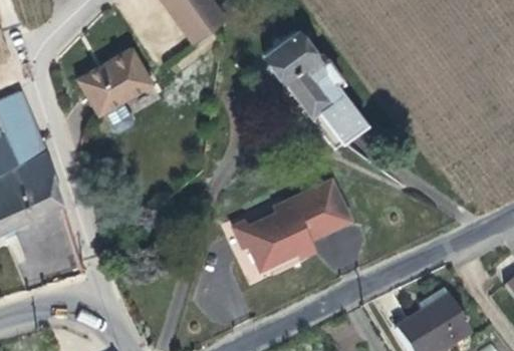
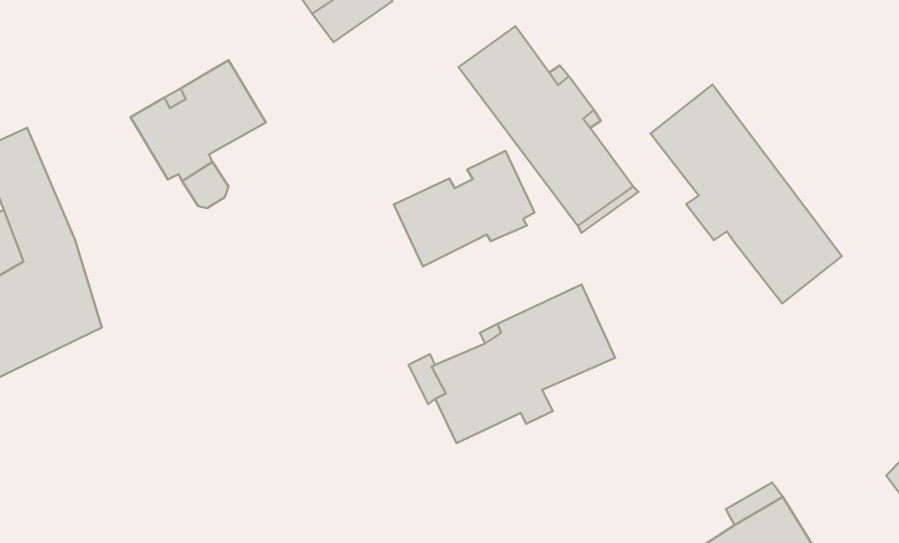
building: none -> [651,85,842,304]
building: none -> [394,151,535,266]

